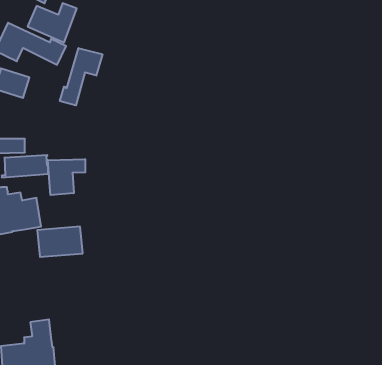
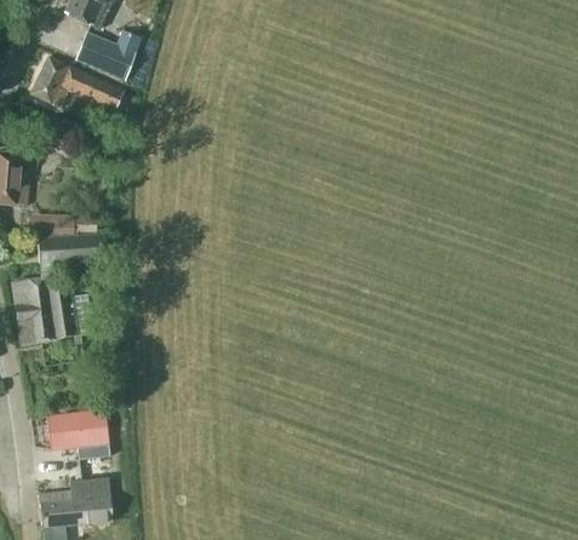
building: [60,48,102,105] -> none
building: [48,159,85,195] -> none
building: [37,227,83,257] -> [46,408,108,449]

